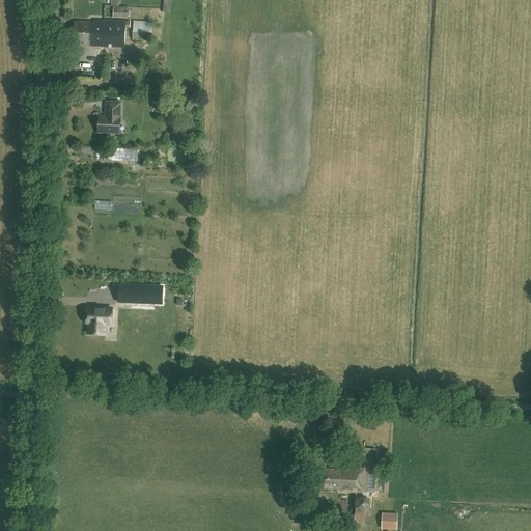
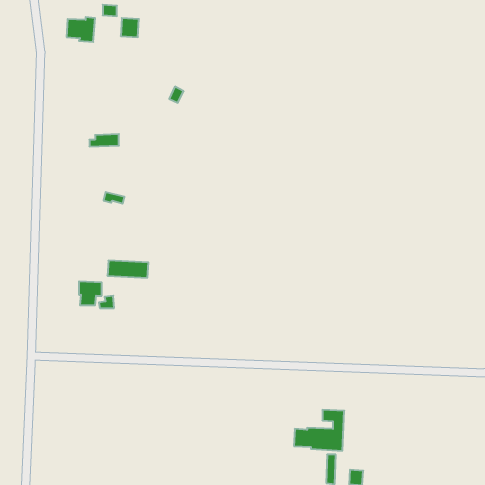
building: [102,20,124,47] -> none
building: [97,101,119,133] -> none

